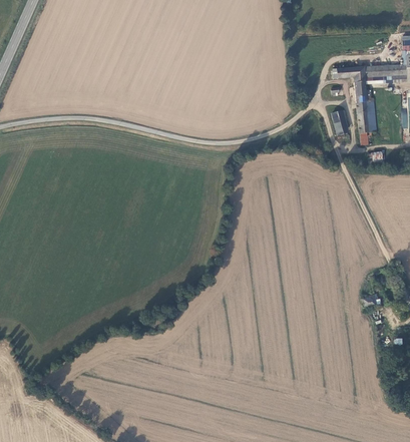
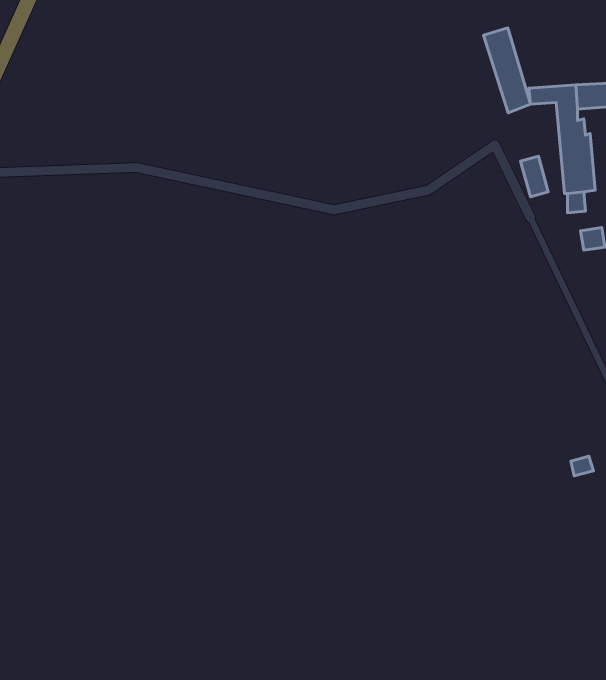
building: none -> [484,28,530,113]

